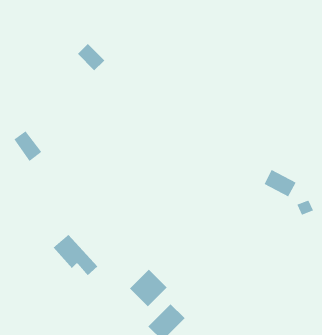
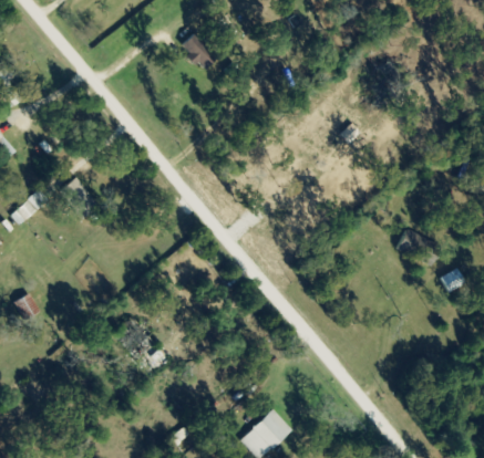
building: [77,43,105,71] -> [179,33,217,71]
building: [129,269,168,307] -> none

